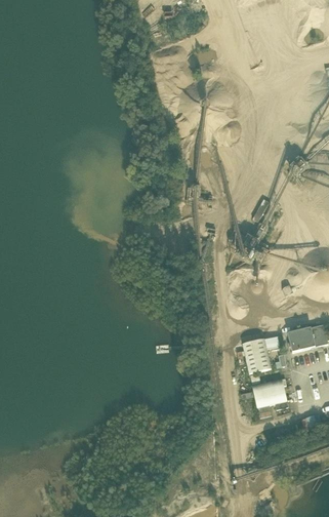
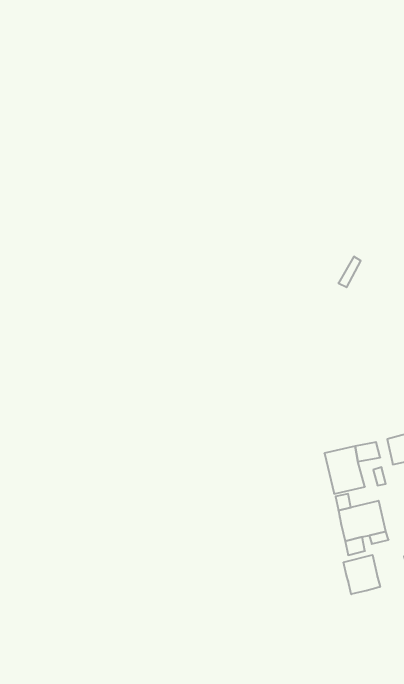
building: none -> [344,555,380,594]

